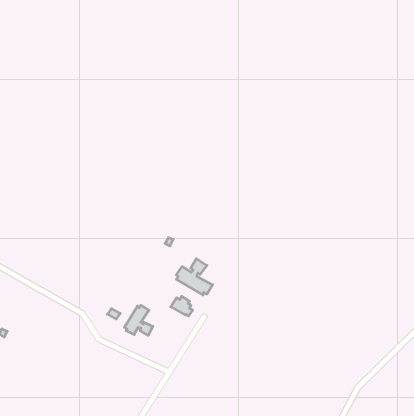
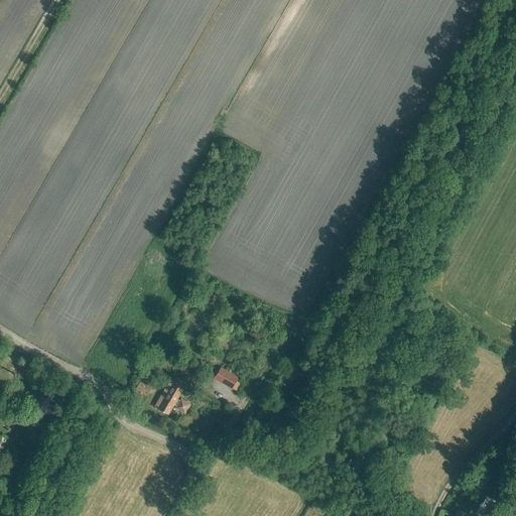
building: [176,259,213,295] -> none

